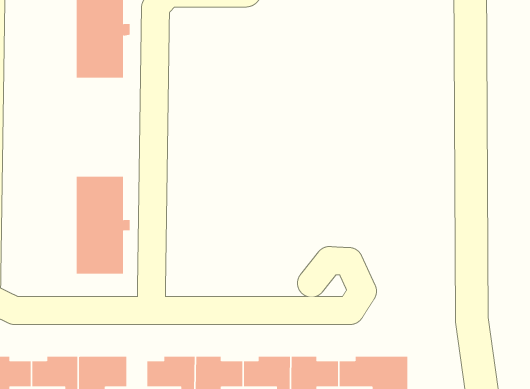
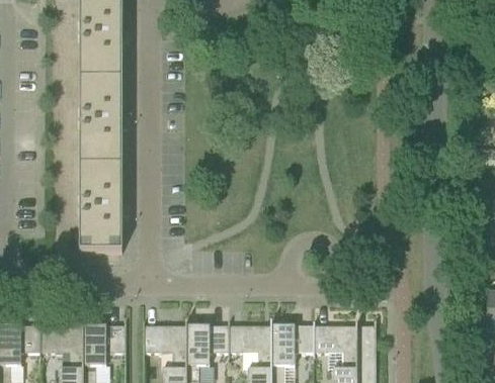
building: none -> [79,78,128,165]

